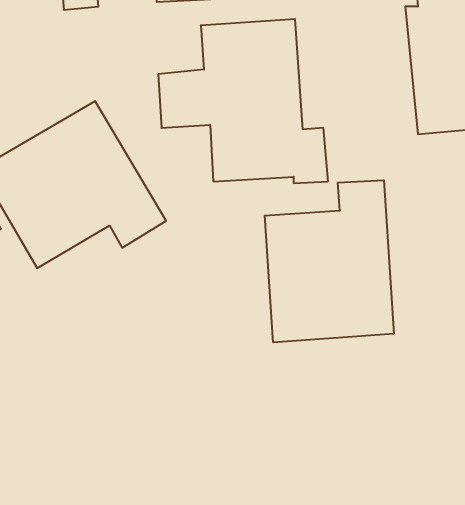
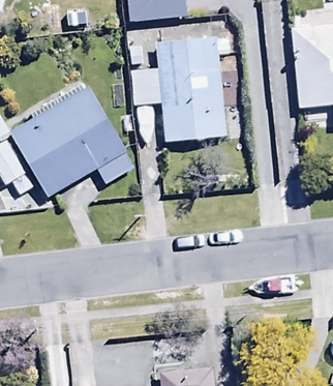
building: [265,180,394,342] -> none

